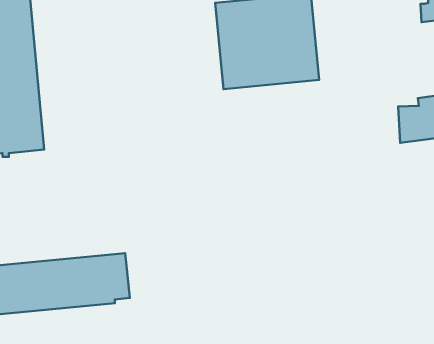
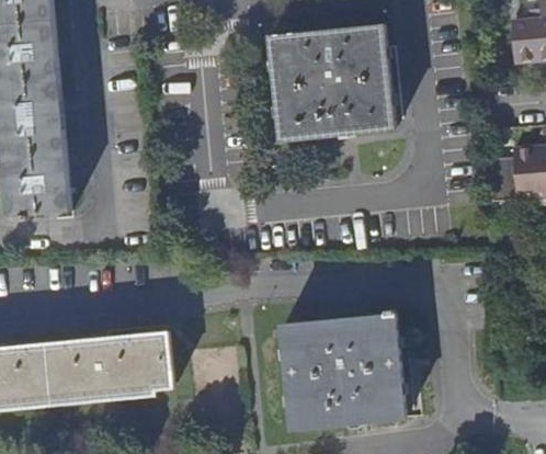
building: none -> [283,308,409,428]

